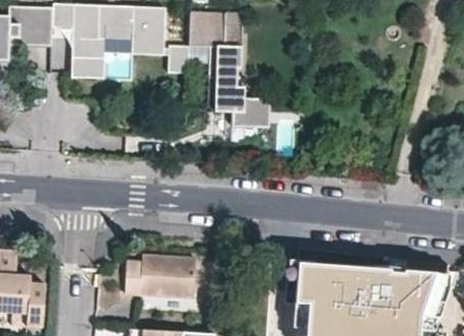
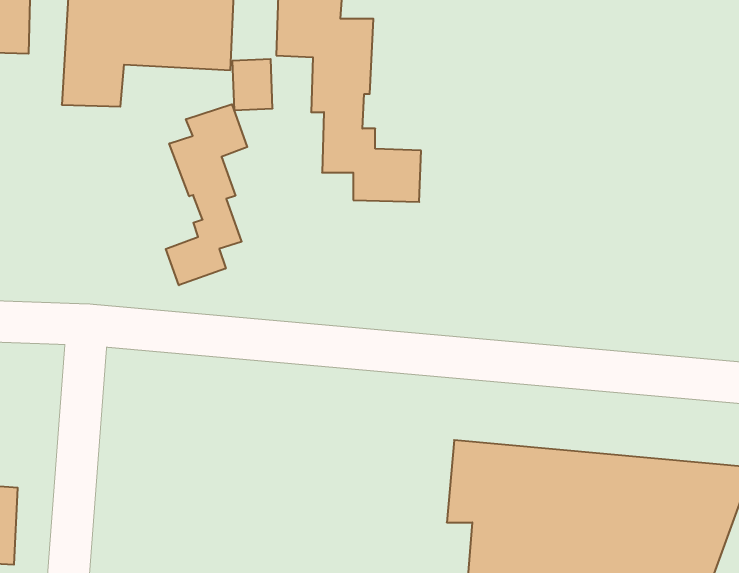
building: none -> [166,104,247,285]
building: [122,258,196,300] -> none

